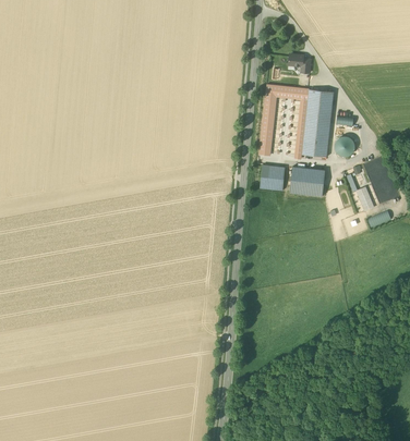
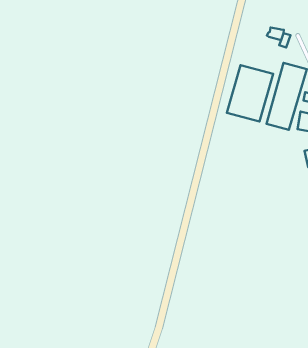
building: [260,164,284,189] -> none
building: [290,167,324,196] -> none

